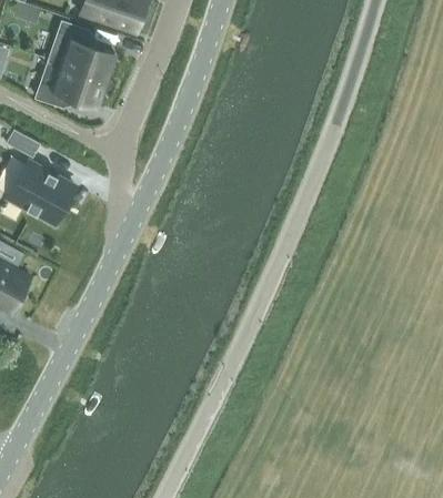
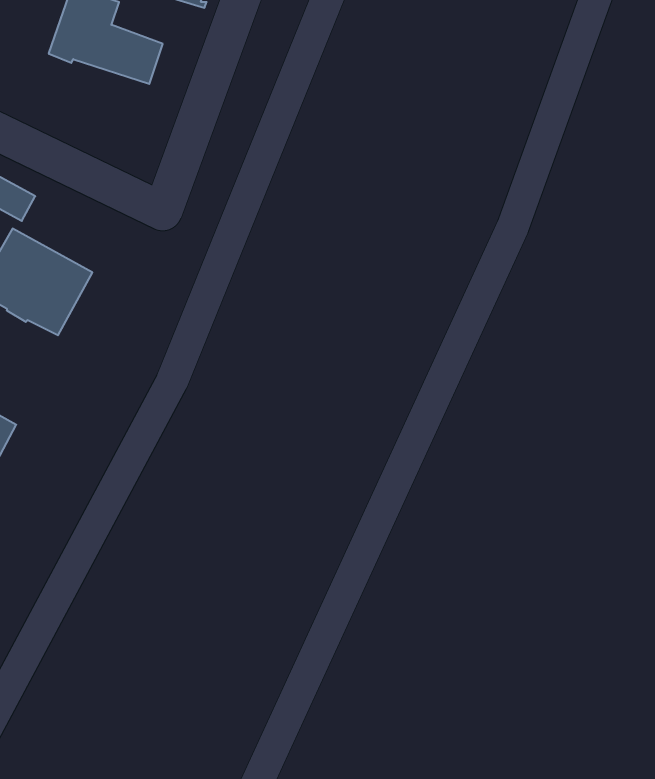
building: [36,63,110,106] -> none

